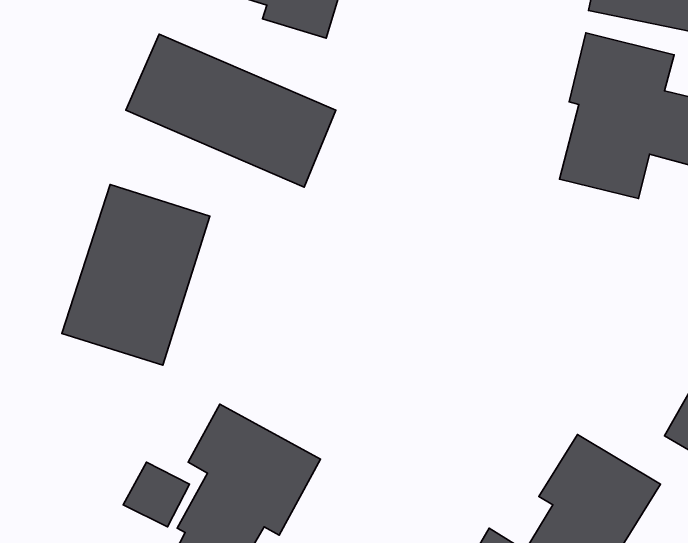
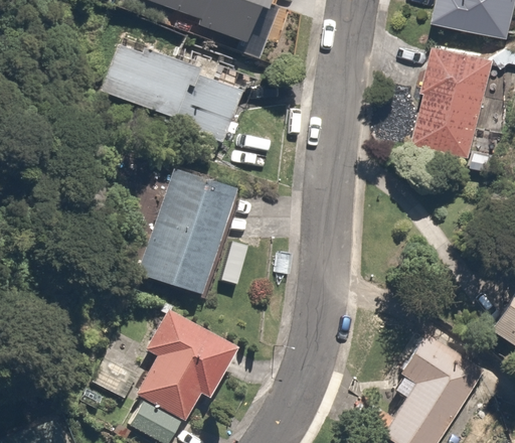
building: [62,184,210,365] -> [136,169,243,301]

